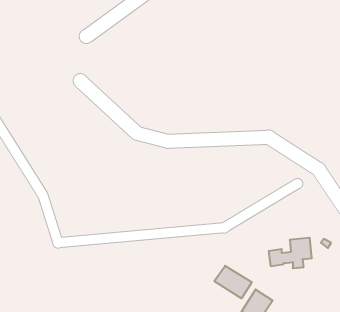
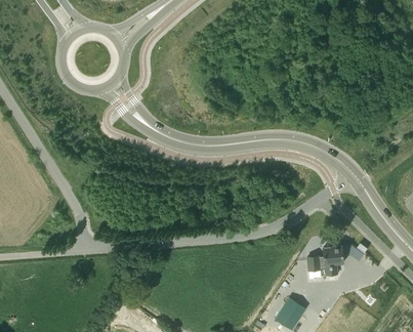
building: [214,266,252,298] -> none

